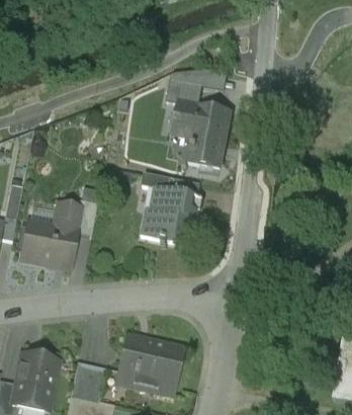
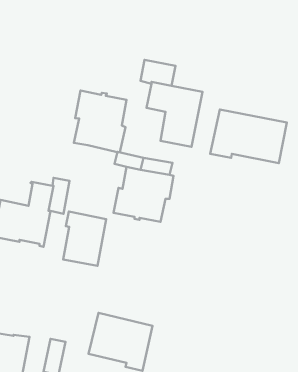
building: none -> [74,90,126,152]
building: none -> [210,110,287,163]
building: none -> [63,212,106,266]

